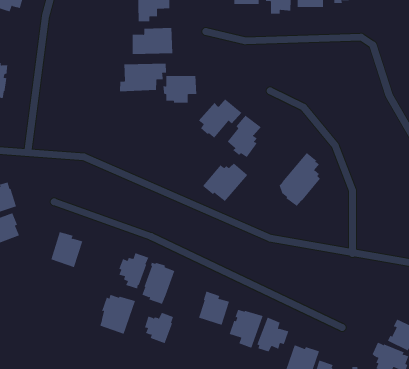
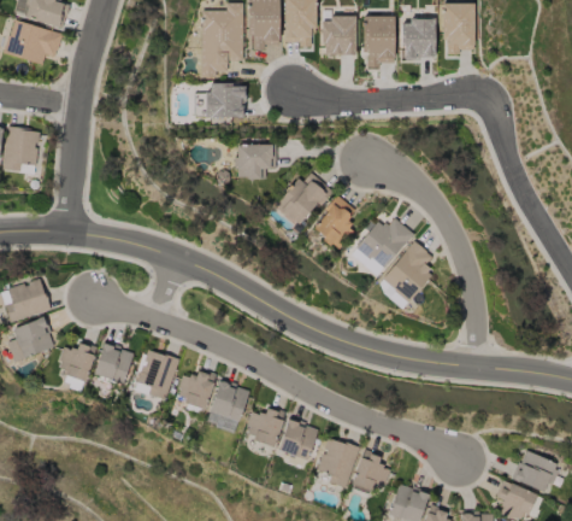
building: [119,63,167,92] -> none
building: [202,163,248,202] -> [354,219,412,269]
building: none -> [58,341,95,392]
building: [99,294,136,334] -> [134,350,179,400]
building: [144,312,174,344] -> [246,406,283,446]

